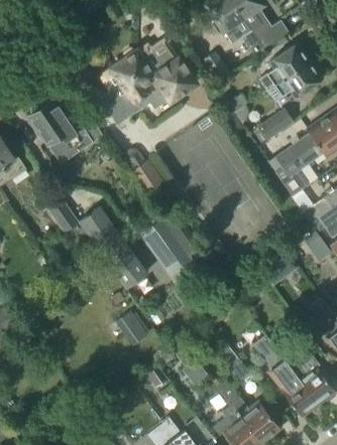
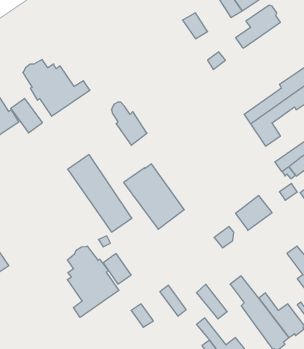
building: [102,42,197,126] -> none
building: [261,61,321,101] -> none
building: [252,109,294,144] -> none
building: [44,195,79,233] -> [11,98,42,133]
building: none -> [67,246,119,317]

